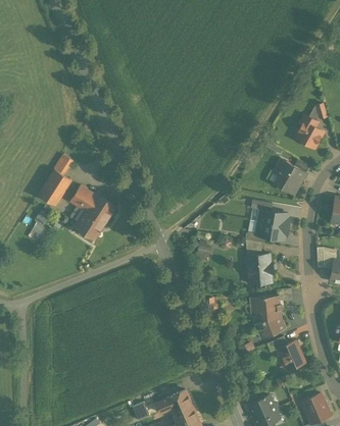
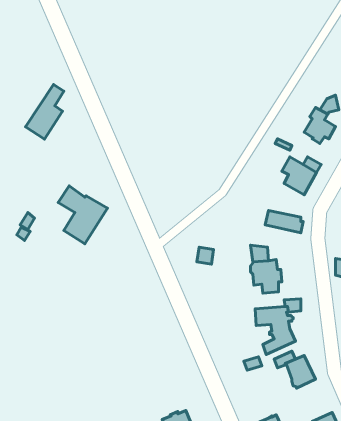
building: [38,155,72,205] -> [26,84,64,139]
building: [255,221,291,243] -> none

